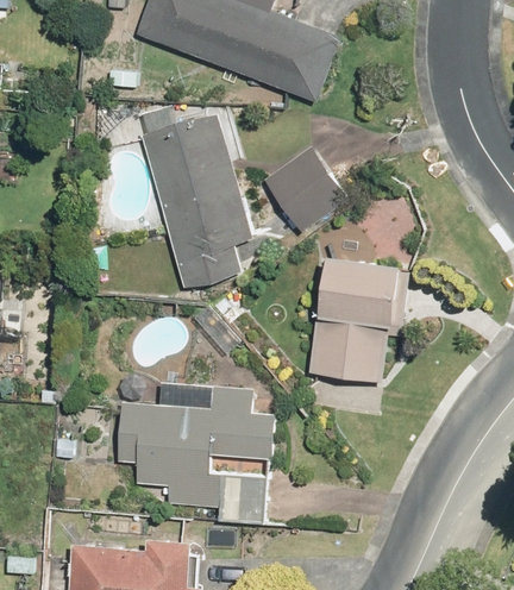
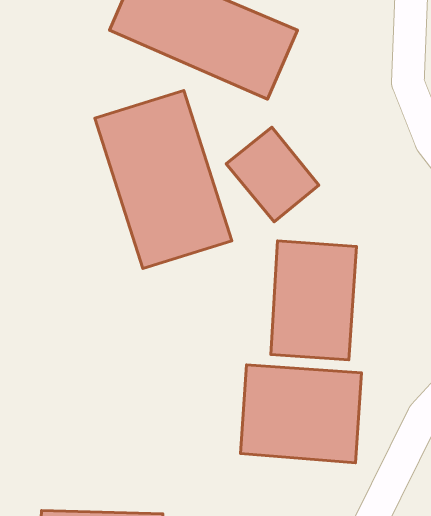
building: none -> [241,365,361,463]
building: [114,393,272,495] -> none

